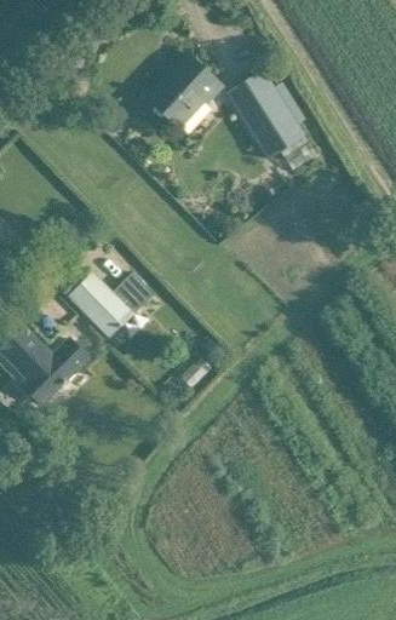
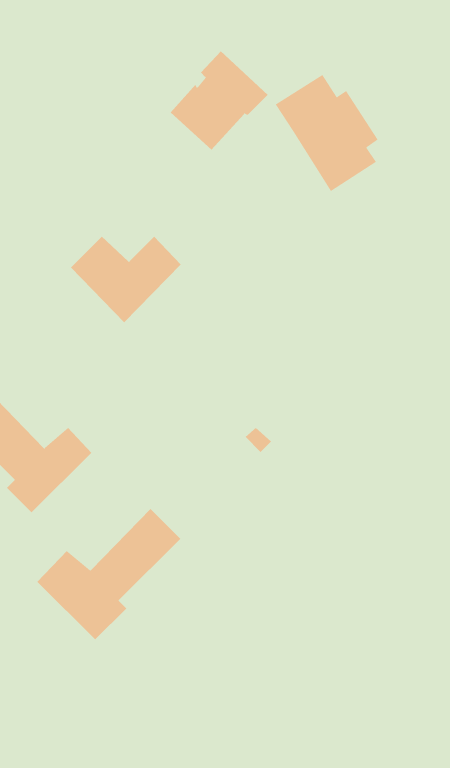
building: [69,272,154,339] -> [70,236,181,323]
building: none -> [37,508,181,640]

